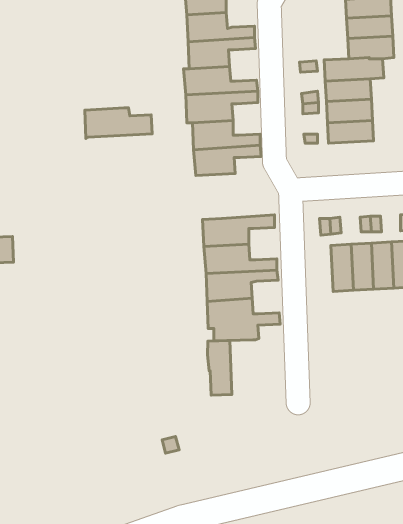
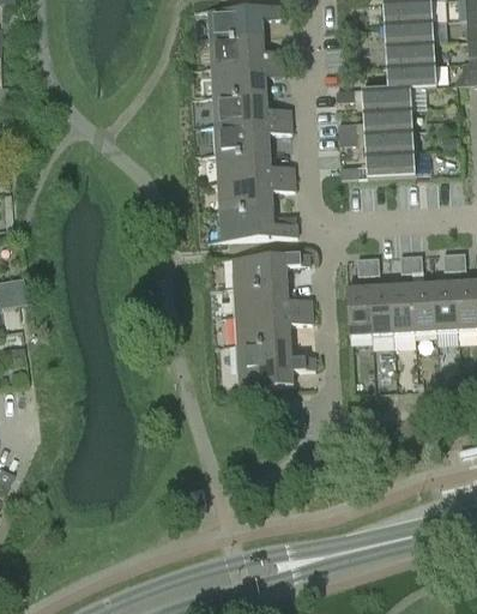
building: [85,108,152,138] -> [225,207,297,240]
building: none -> [348,284,372,335]
building: [208,340,232,395] -> none

